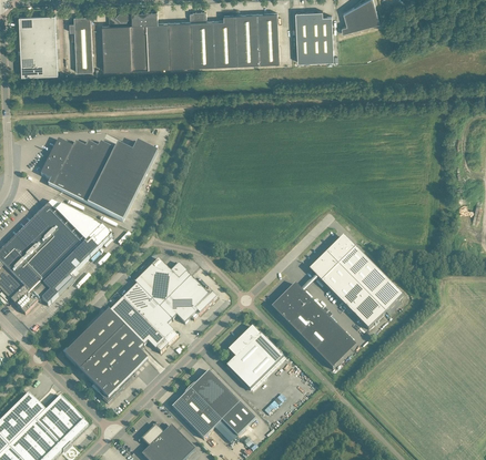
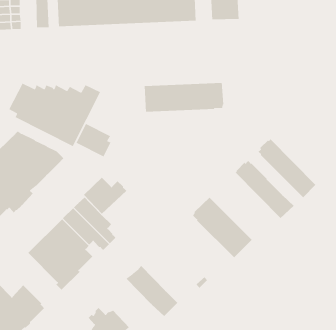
building: none -> [144,82,224,113]
building: none -> [75,123,112,158]
building: [311,254,385,329] -> [258,139,316,198]
building: [159,277,216,324] -> none
building: [226,327,283,390] -> none
building: [171,388,221,439] -> none

